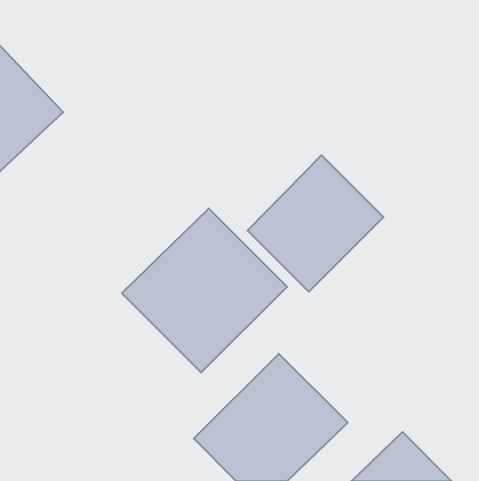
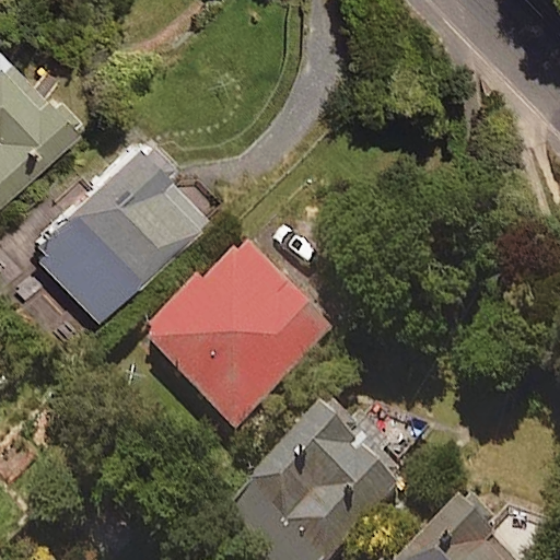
building: none -> [27,135,213,320]
building: [247,155,384,292] -> none

